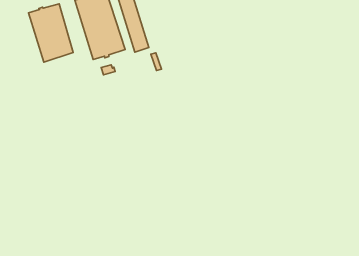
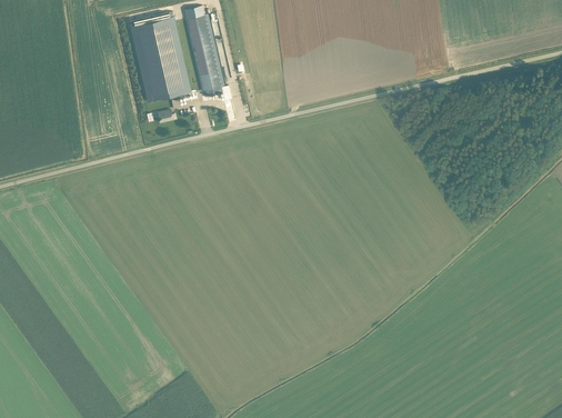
building: [29,4,73,62] -> none

